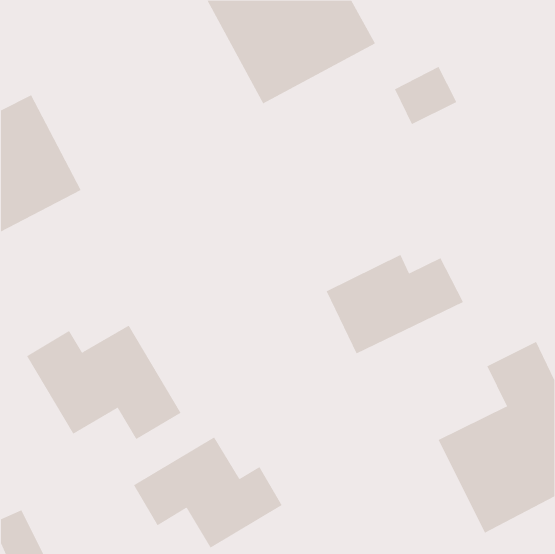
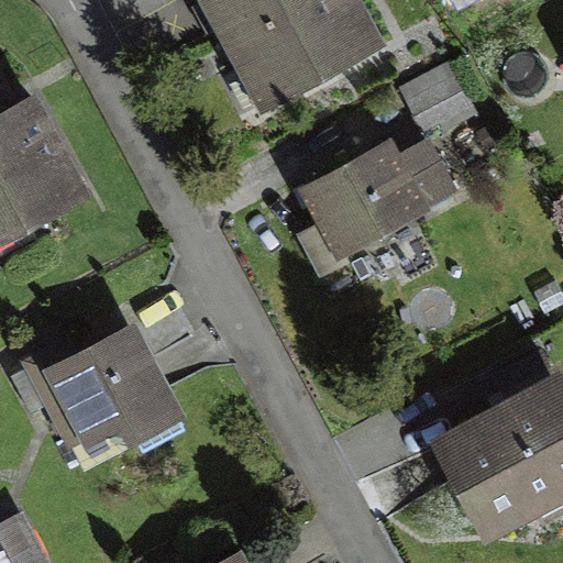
building: [326,254,464,354] -> [310,145,450,246]
building: [133,437,283,548] -> none

